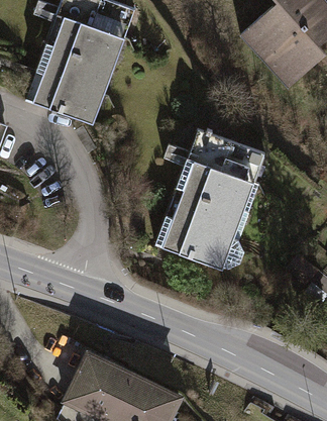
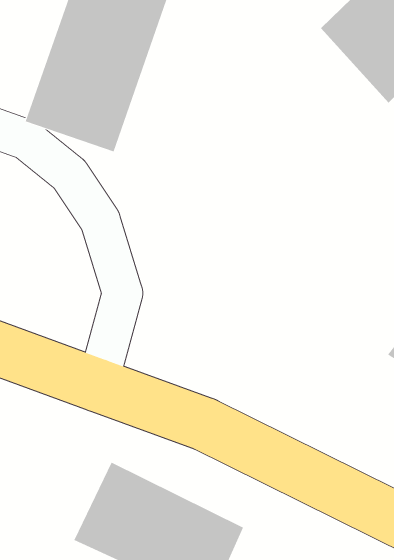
building: [155,131,262,272] -> none

